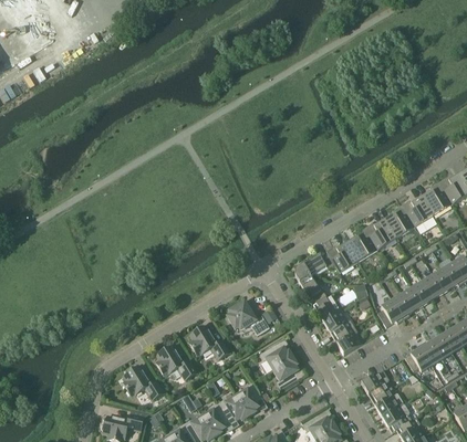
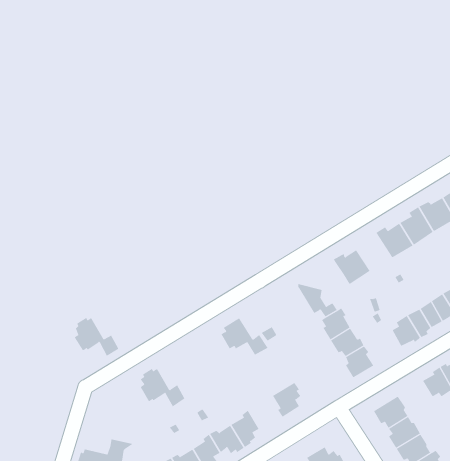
building: [346,227,377,260] -> none
building: [294,253,334,276] -> none
building: [189,325,229,358] -> none
building: [259,344,292,369] -> none
building: [123,365,163,399] -> [74,317,119,356]

